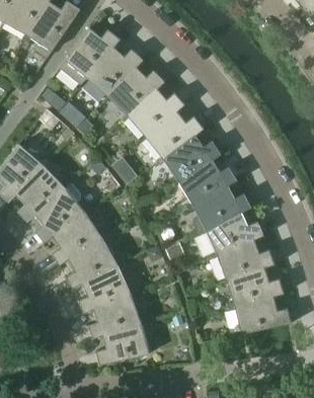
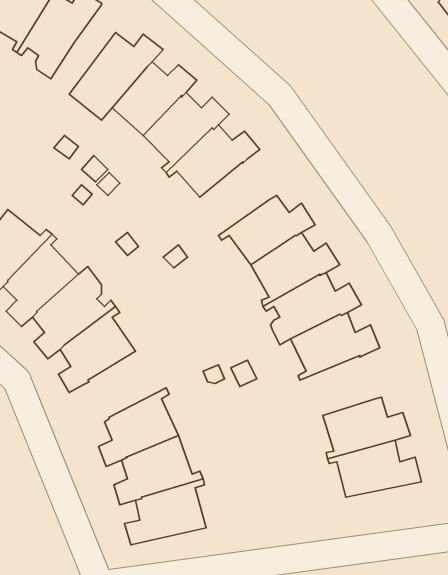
building: [145,110,204,161] -> none
building: [66,237,123,289] -> none
building: [211,239,274,280] -> none

